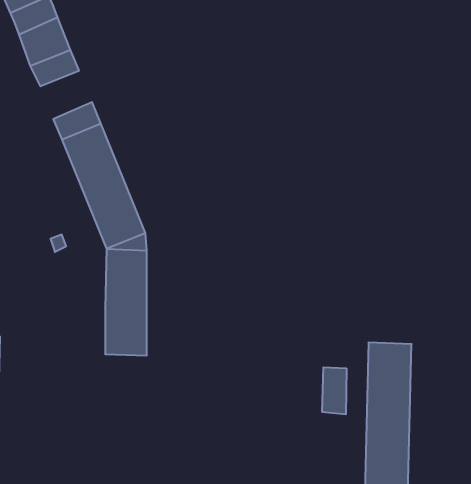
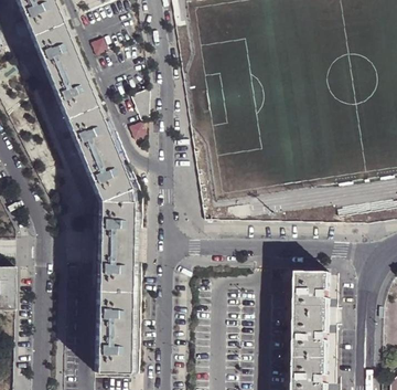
building: none -> [49,62,88,99]
building: none -> [96,287,129,370]
building: [322,367,346,414] -> none

